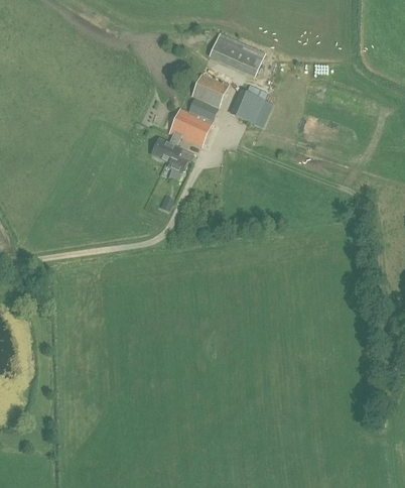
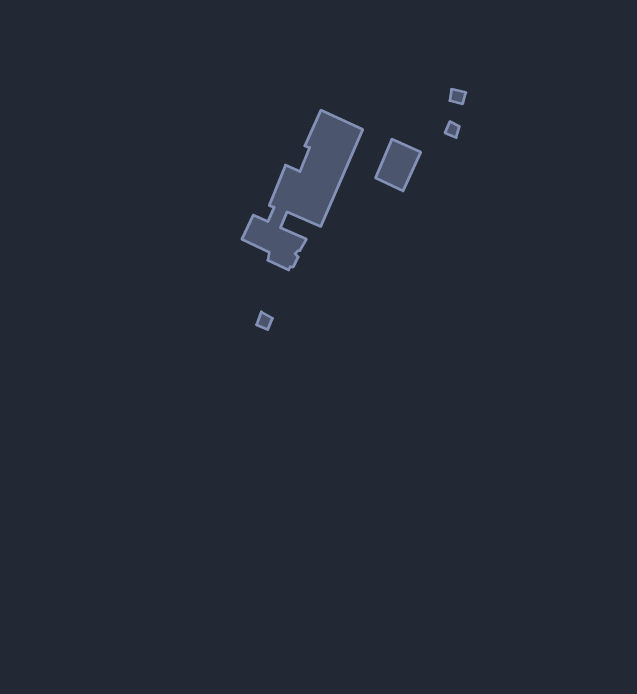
building: [209,37,263,76] -> none

